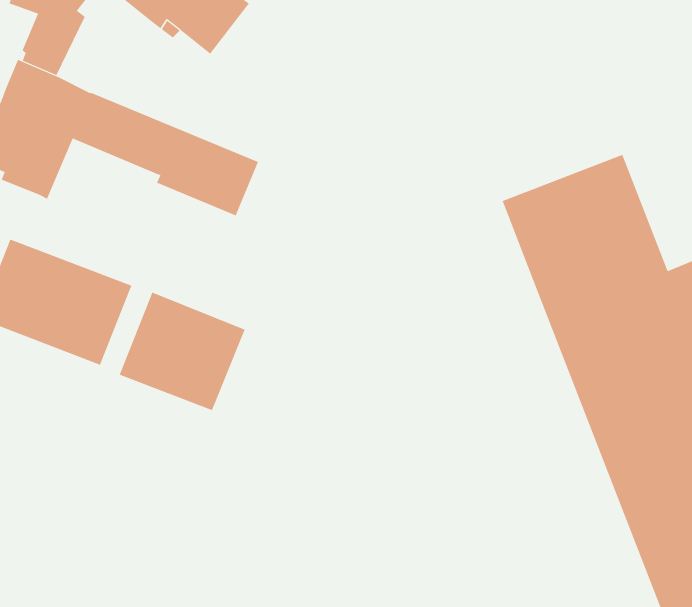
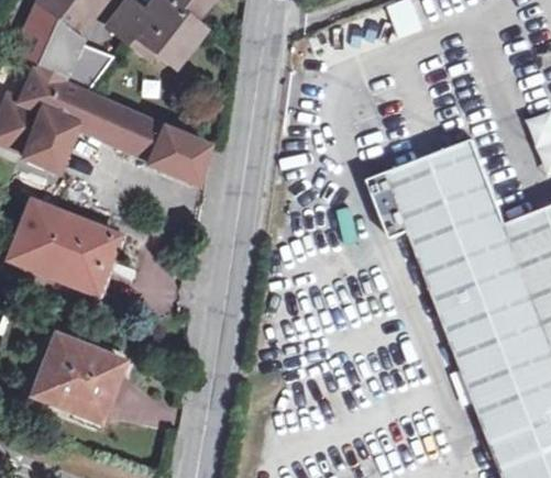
building: none -> [60,38,112,93]
building: none -> [357,173,407,241]
building: [119,292,246,411] -> [29,334,121,421]

